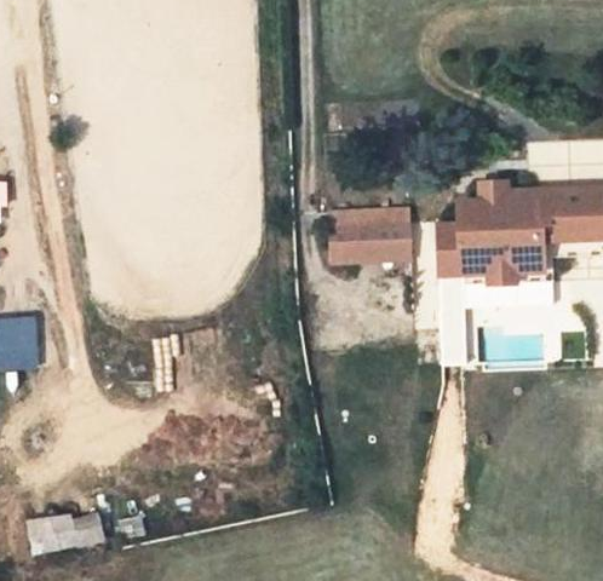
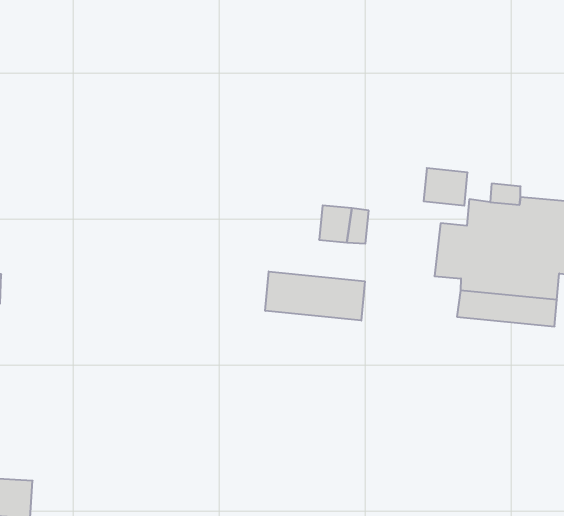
building: [371,219,409,251] -> [424,168,468,206]
building: none -> [265,271,365,321]

